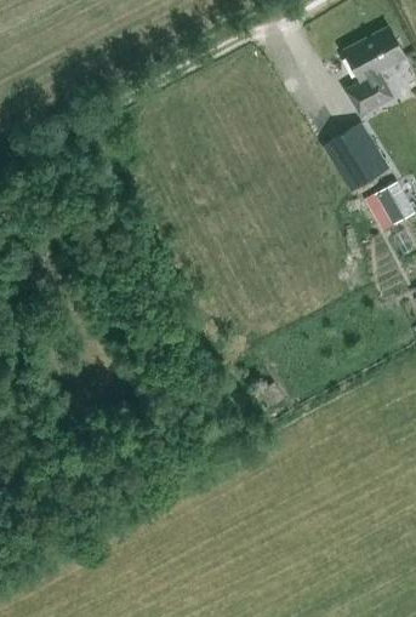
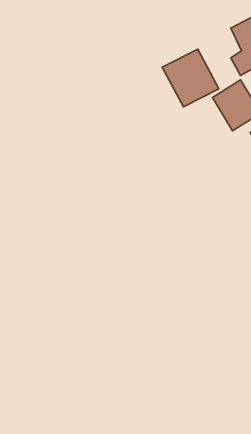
building: none -> [162,49,219,107]

